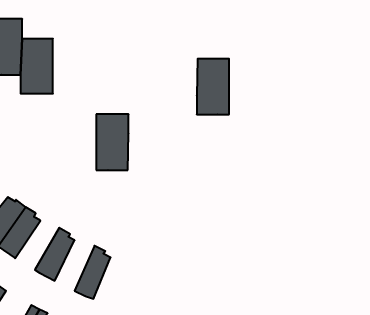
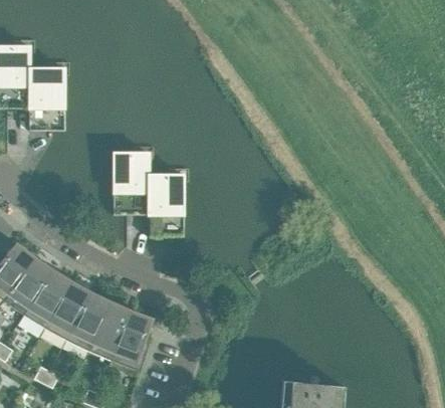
building: [197,59,229,114] -> [148,174,184,236]
building: none -> [22,271,71,327]
building: none -> [66,293,110,350]
building: none -> [109,313,151,371]

